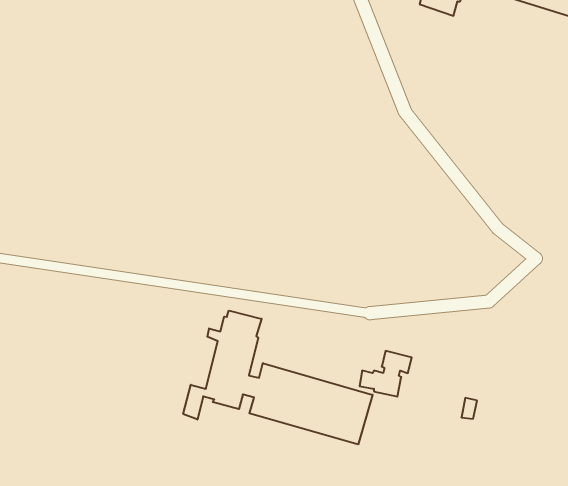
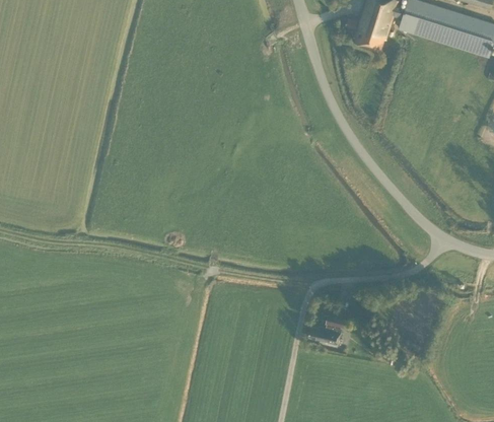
building: [183,311,373,444] -> none

